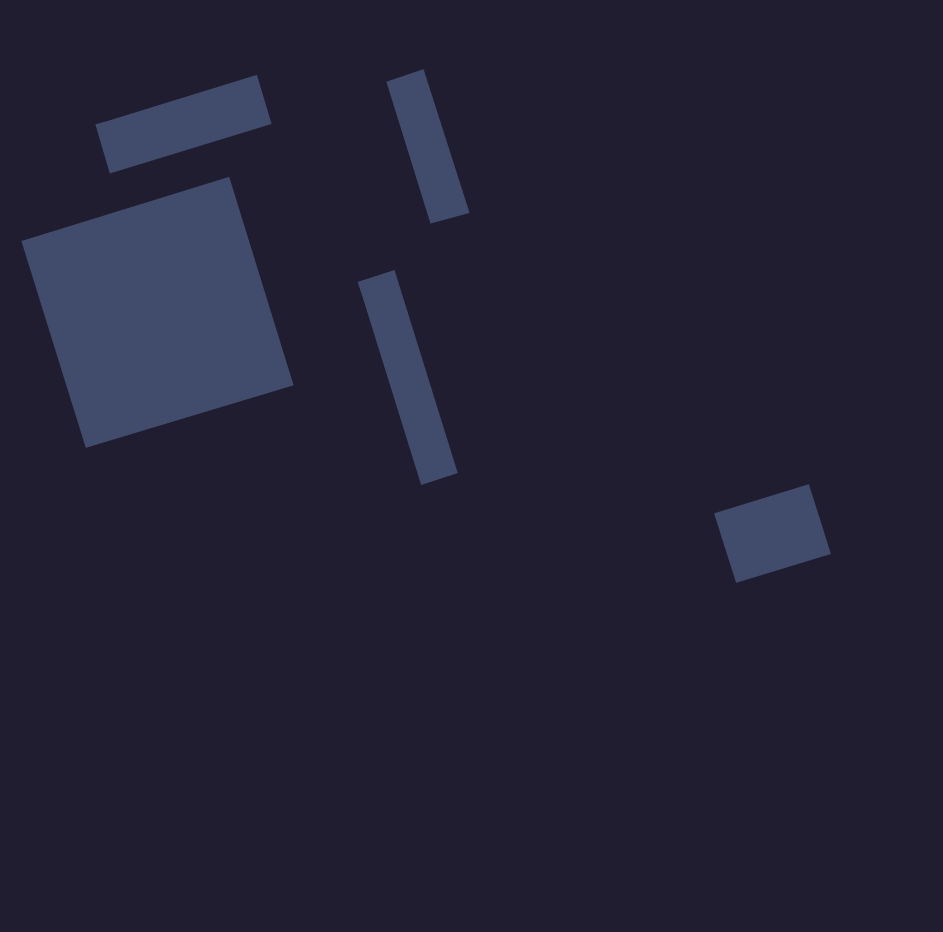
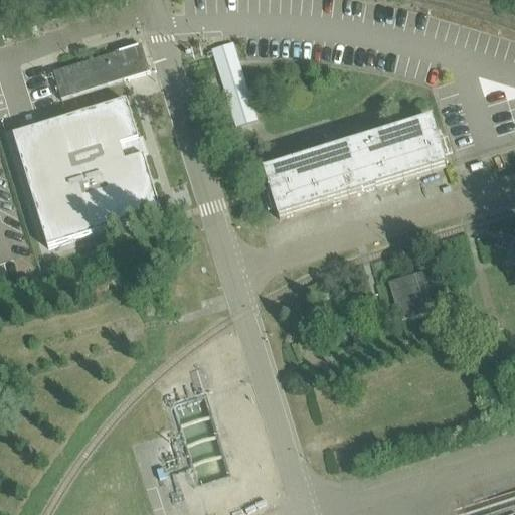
building: none -> [263,114,445,214]
building: [357,269,459,486] -> none

